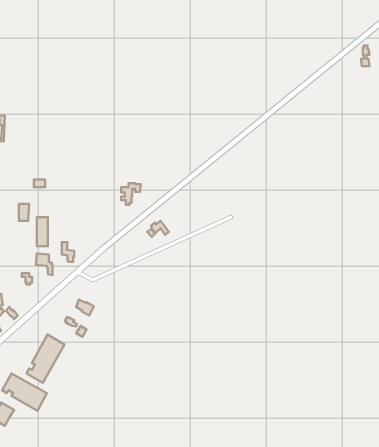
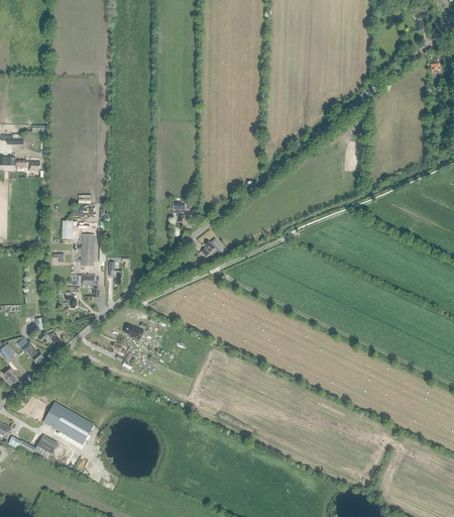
building: [26,334,64,383] -> none

